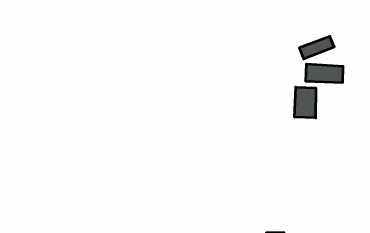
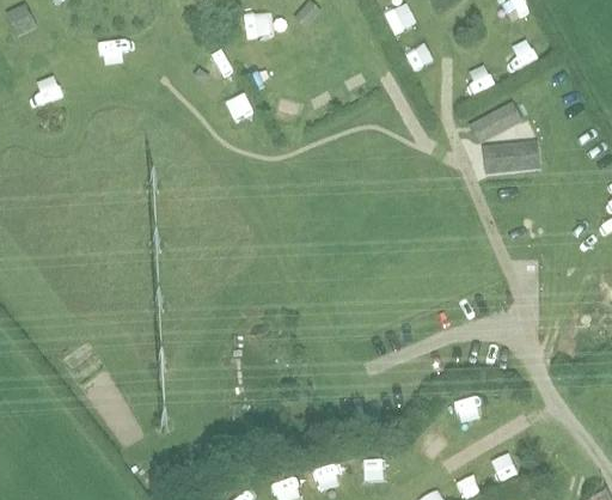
building: [295,87,316,118] -> none

